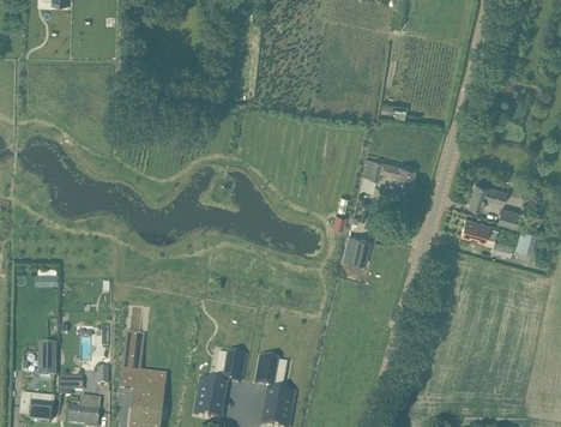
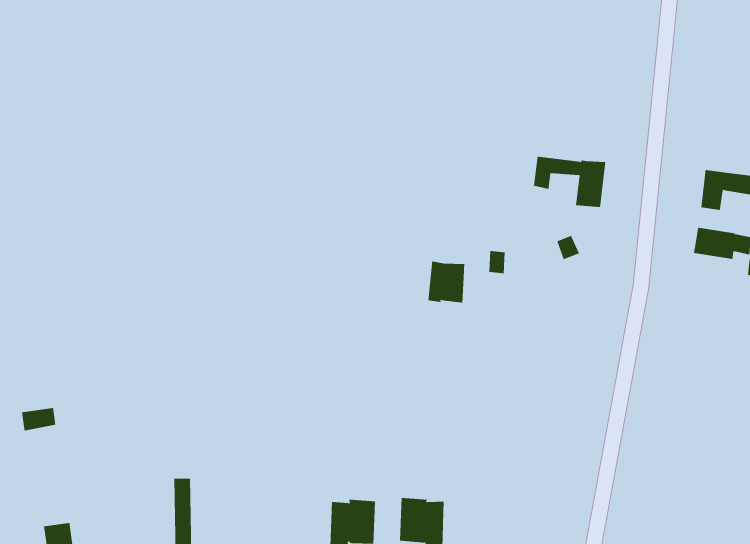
building: [344,236,370,265] -> [427,261,465,303]

